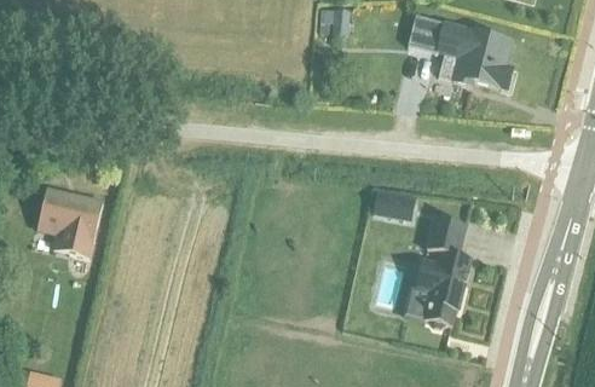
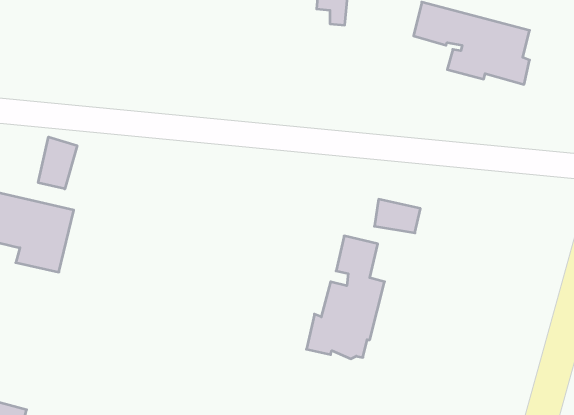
building: none -> [38,137,77,189]
building: [402,215,472,325] -> [306,236,385,359]

